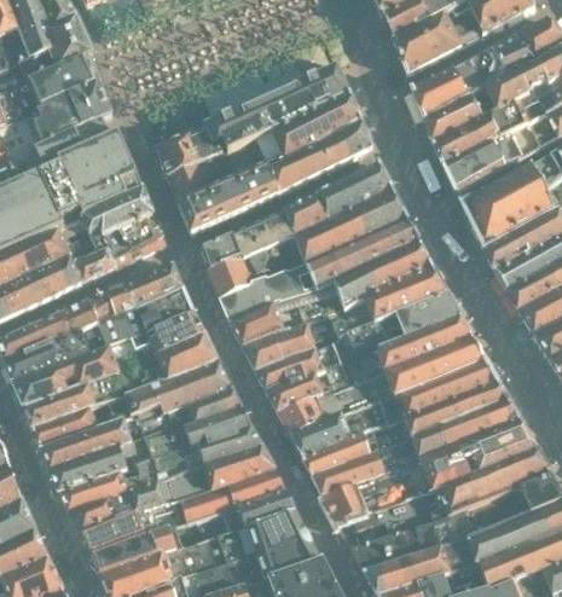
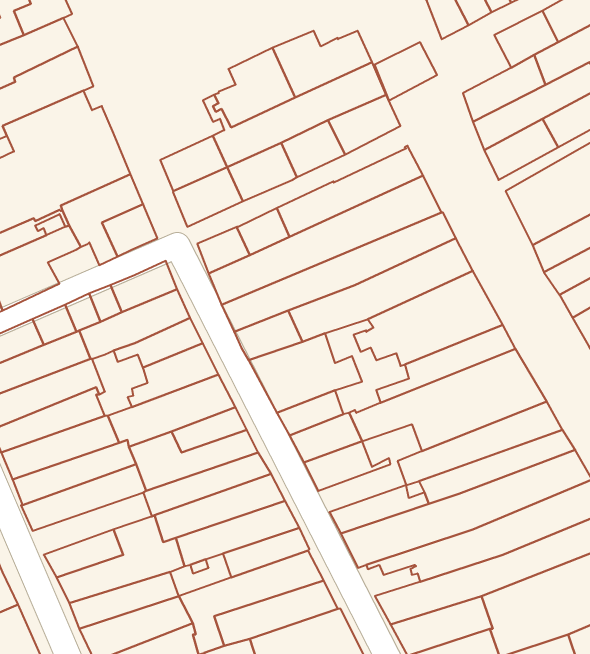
building: [413,69,467,118] -> [375,42,437,100]
building: [156,124,222,175] -> none
building: [73,245,116,280] -> none
building: [302,434,377,475] -> none
building: [59,458,161,511] -> none

